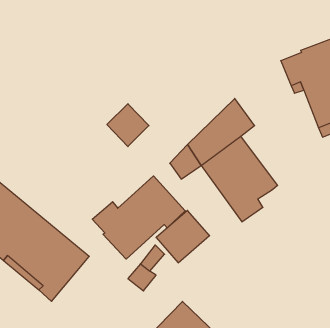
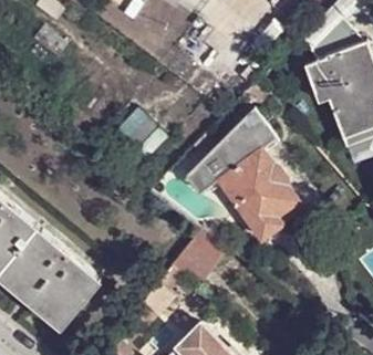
building: [92,176,185,259] -> none

